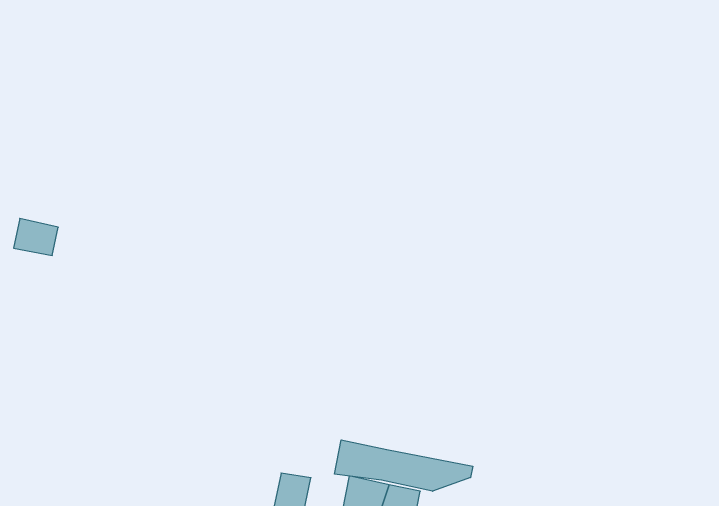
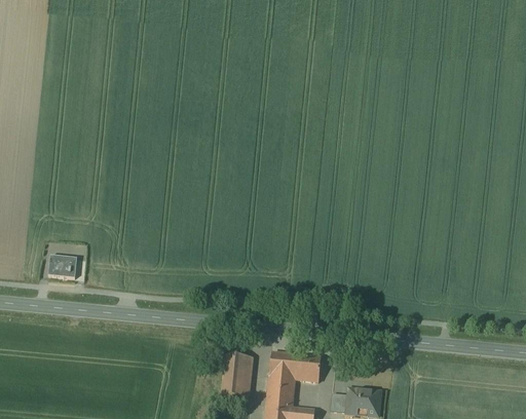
building: [14,218,58,255] -> [49,255,78,277]
building: [335,440,473,491] -> none

